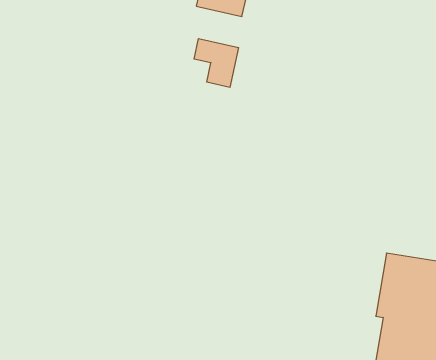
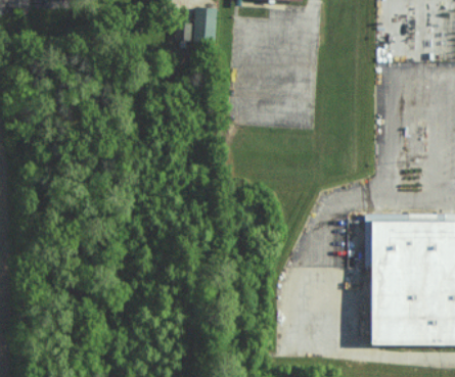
building: [194,39,239,87] -> none

